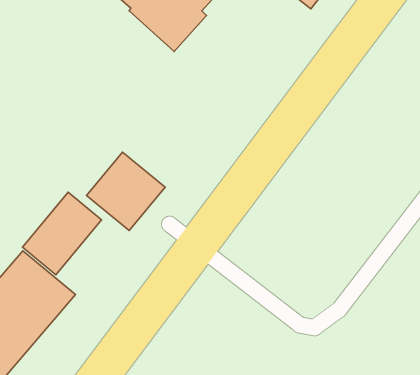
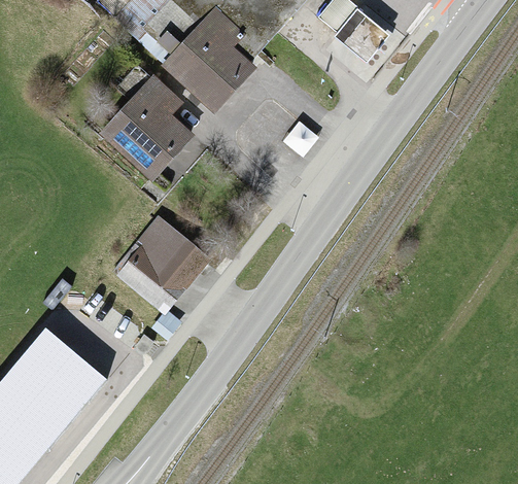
building: none -> [104,77,191,175]
building: [23,192,101,275] -> none

